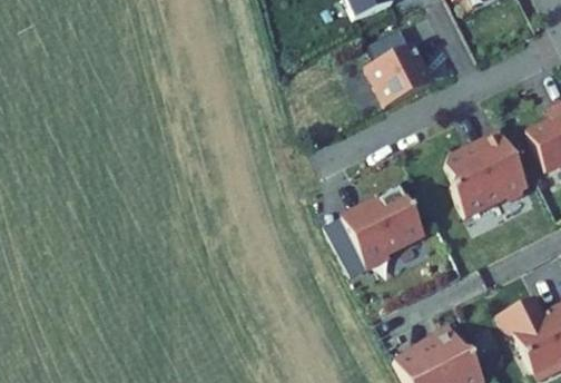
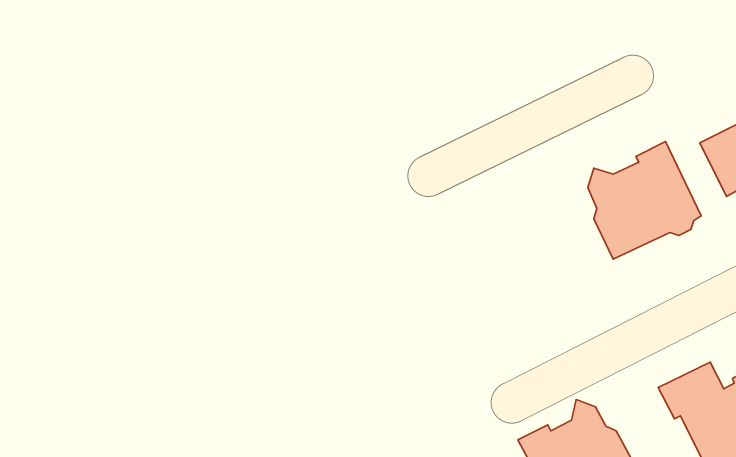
building: [366,38,433,101] -> none
building: [338,181,421,267] -> none

